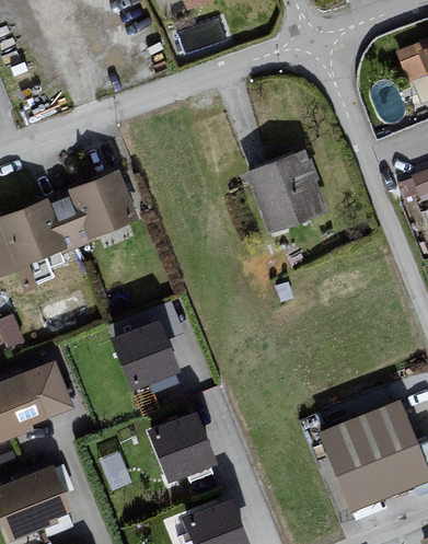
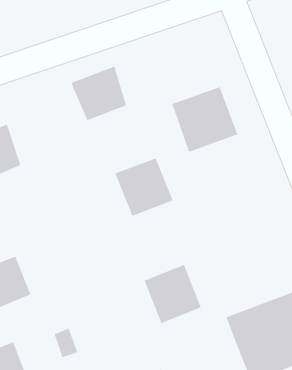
building: [66,172,134,239] -> [71,66,127,121]
building: [111,317,182,389] -> [115,158,173,217]
building: [149,409,219,482] -> [144,264,202,324]

